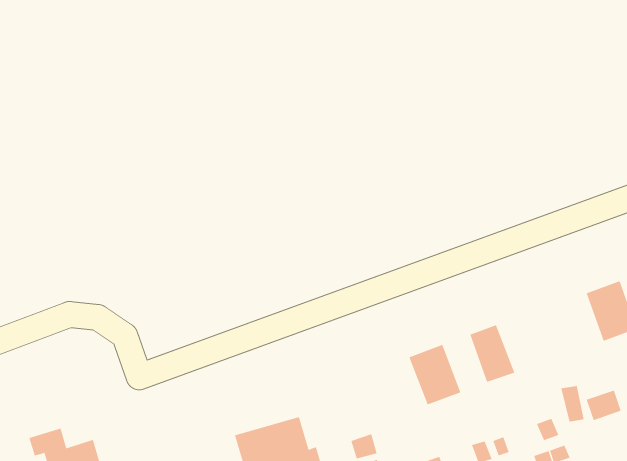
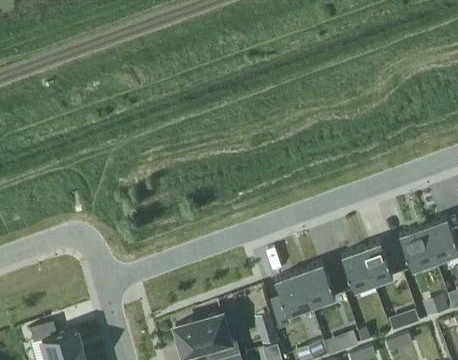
building: none -> [399,229,435,271]
building: none -> [360,244,392,285]
building: none -> [271,274,311,330]

